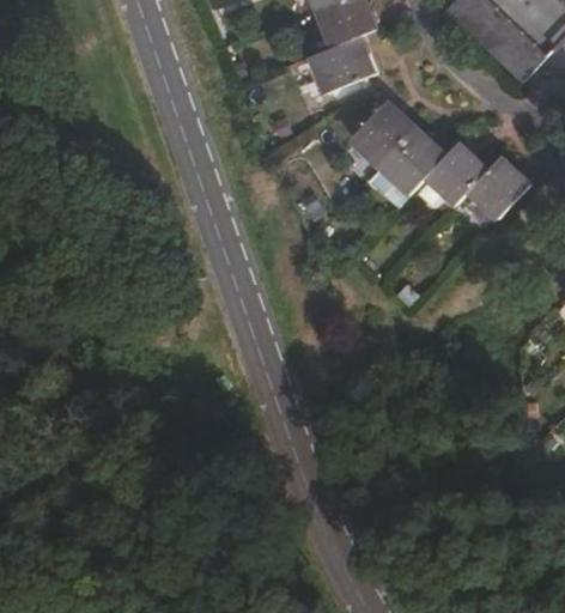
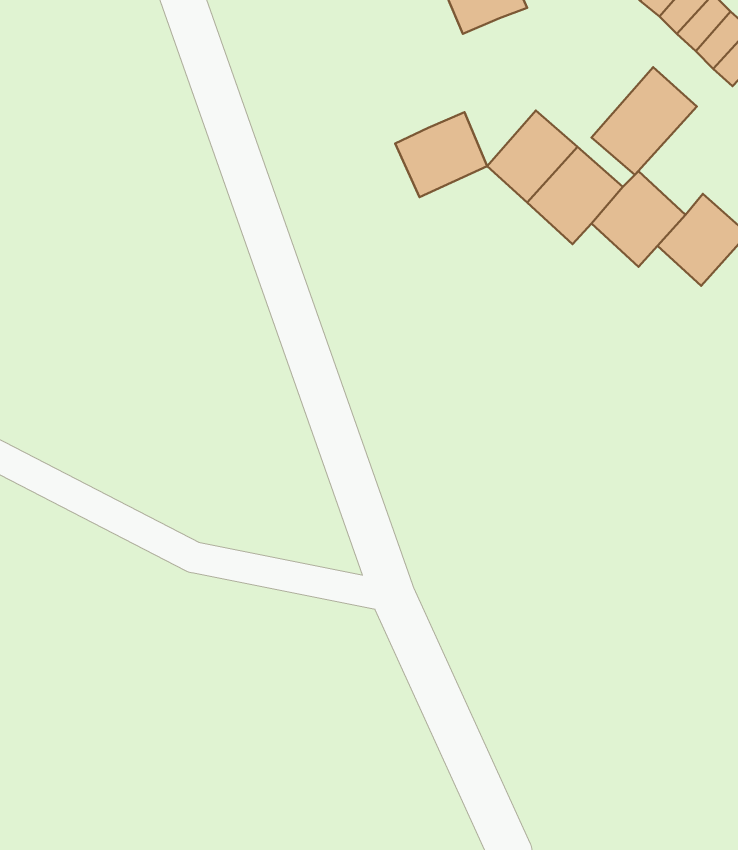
building: [311,36,375,95] -> [395,112,487,197]
building: none -> [591,67,697,175]

